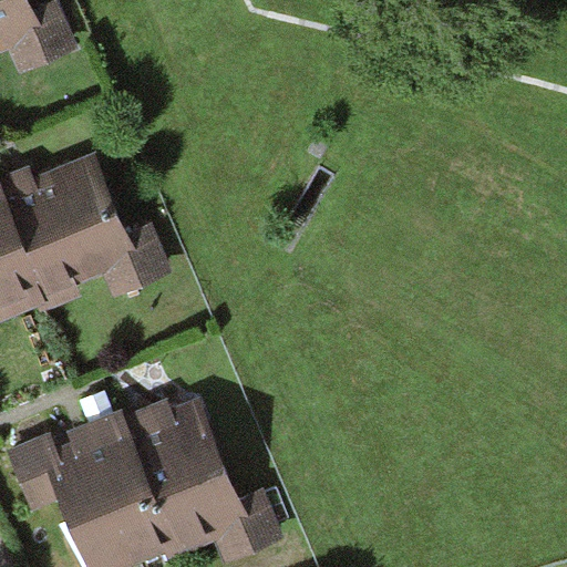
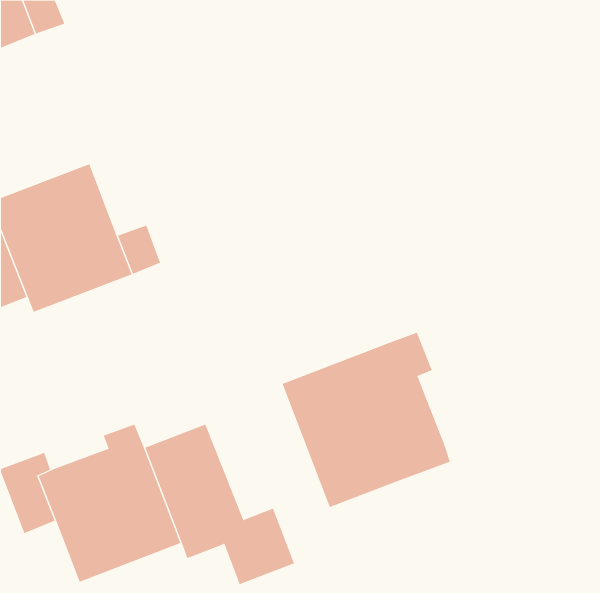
building: none -> [282,332,450,508]

